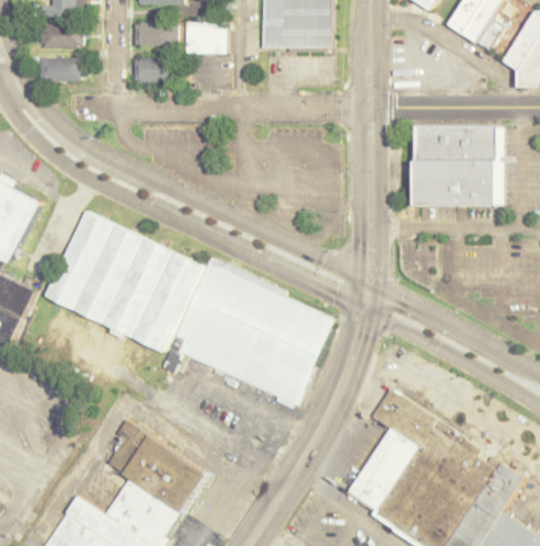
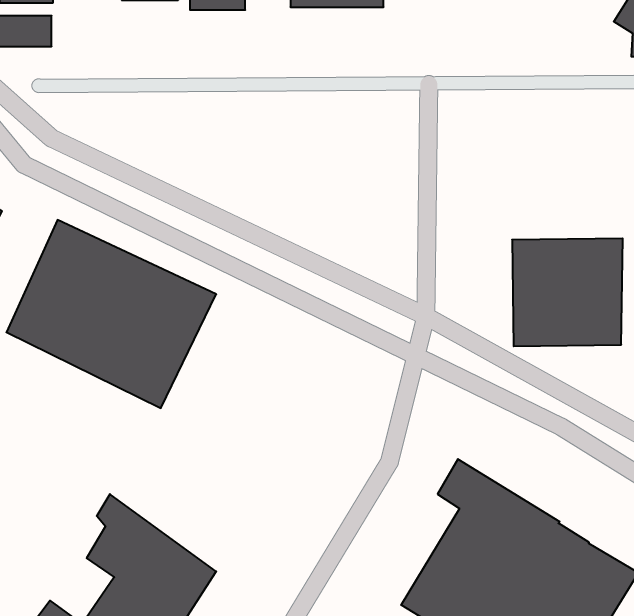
building: [133,59,171,82] -> none
building: [414,125,497,206] -> [512,238,623,346]
building: [173,260,331,406] -> none

